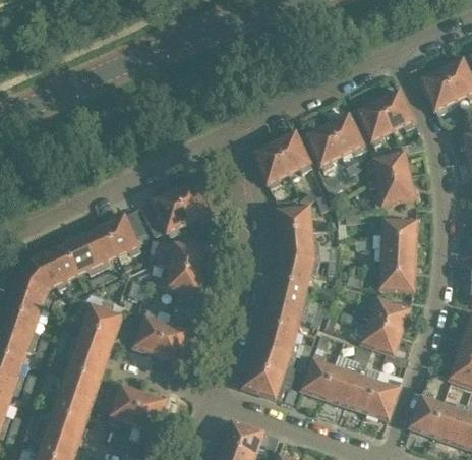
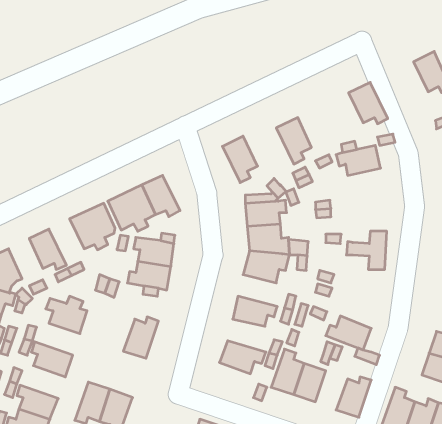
building: [421,70,456,116] -> none
building: [357,101,392,147] -> none
building: [328,115,365,156] -> none
building: [274,133,312,174] -> none
building: [373,175,414,207] -> none
building: [381,220,416,249] -> none
building: [82,225,117,271] -> none
building: [43,244,76,290] -> none
building: [379,261,413,291] -> none
building: [269,280,309,311] -> none
building: [367,297,408,333] -> none
building: [134,310,167,355] -> none
building: [258,324,299,356] -> none
building: [68,328,113,359] -> none
building: [243,366,284,400] -> none
building: [54,369,99,402] -> none
building: [345,375,376,413] -> none

